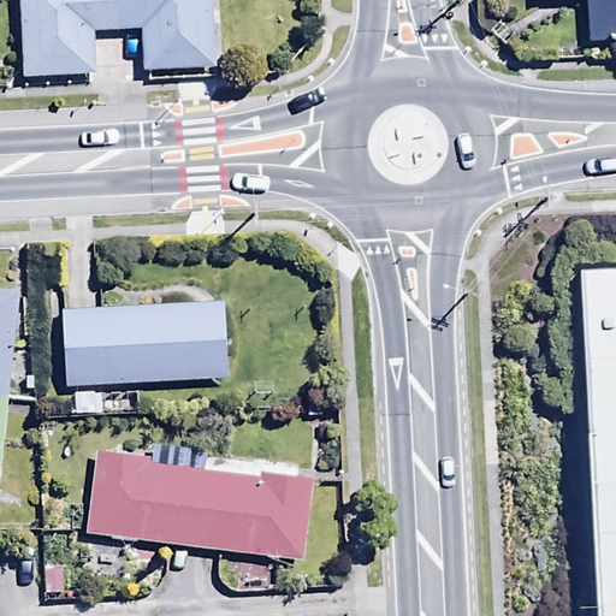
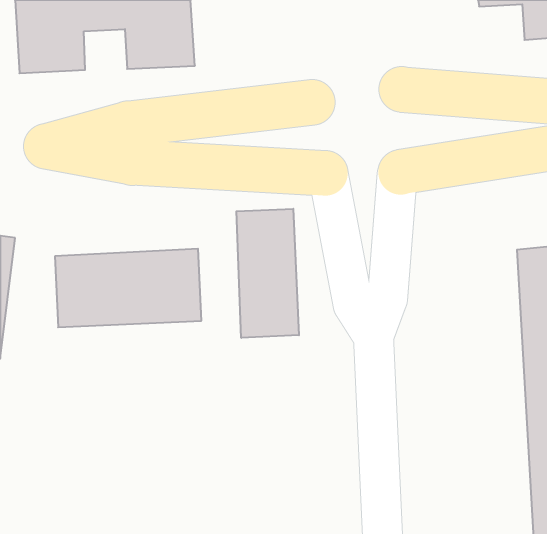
building: none -> [236,209,299,338]
building: [89,446,314,558] -> none

